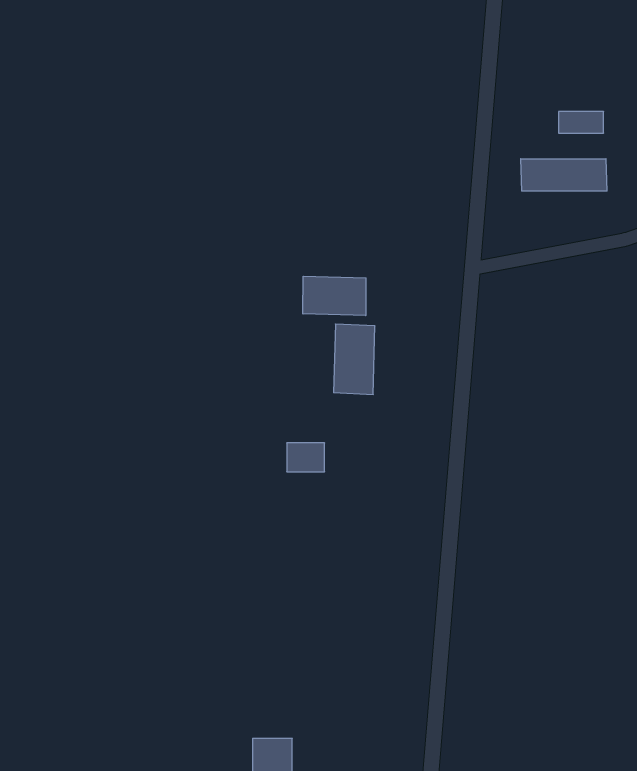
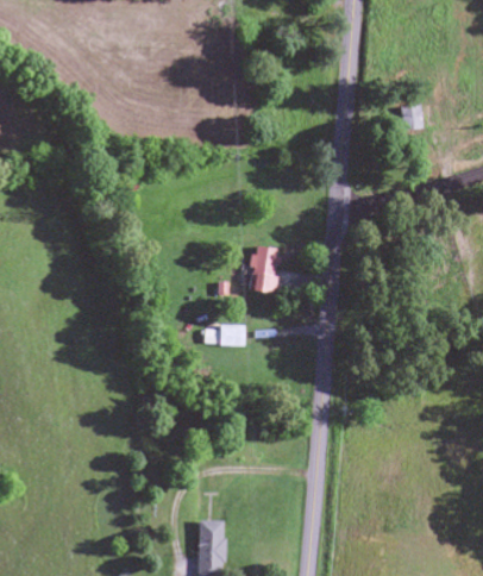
building: [521,159,607,191] -> none
building: [303,276,366,316] -> none

